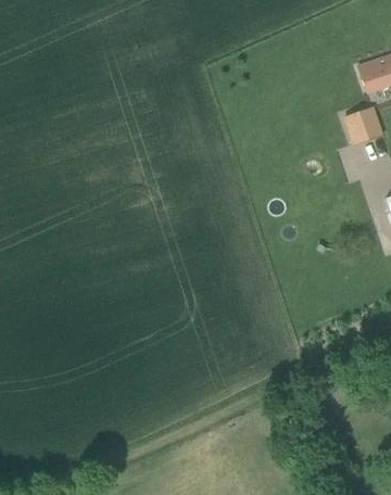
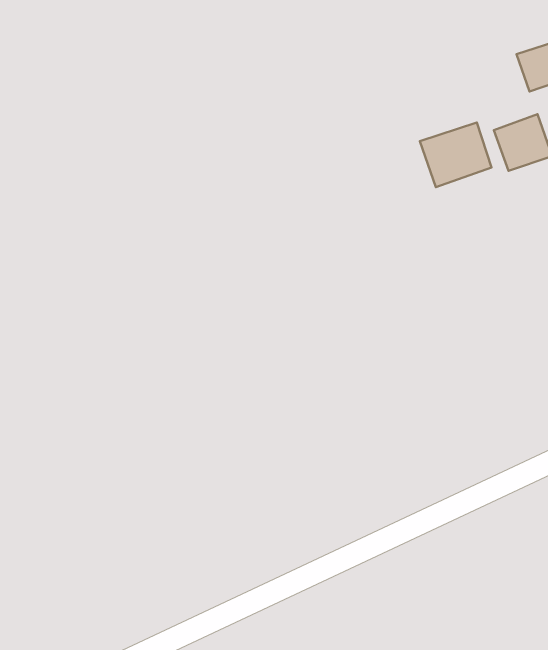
building: none -> [420,123,492,187]

